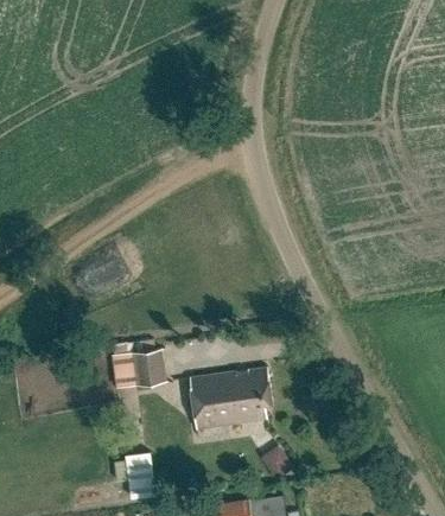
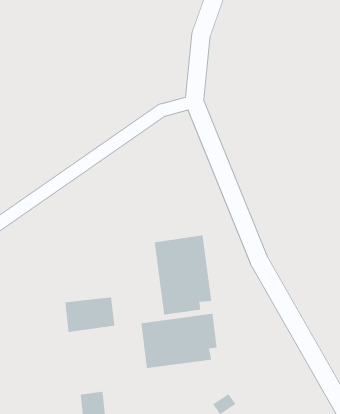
building: none -> [154,234,212,316]

